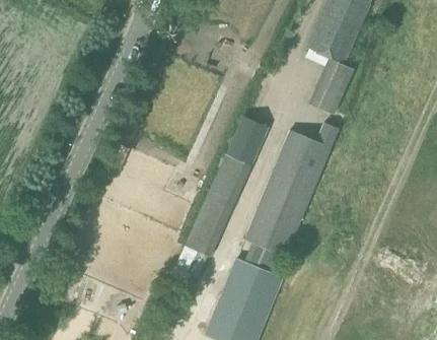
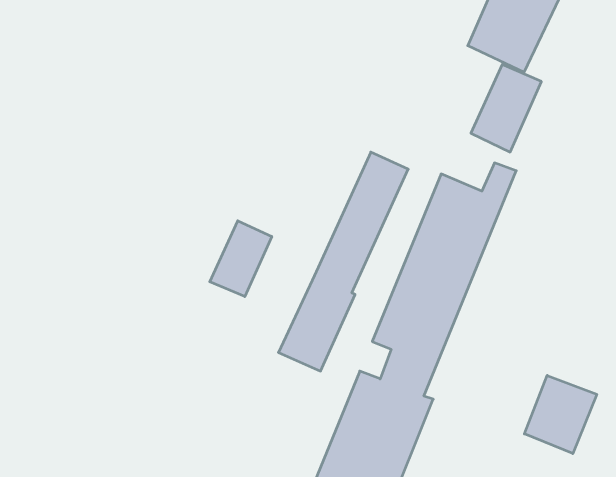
building: none -> [210,221,272,297]
building: none -> [524,375,597,454]

